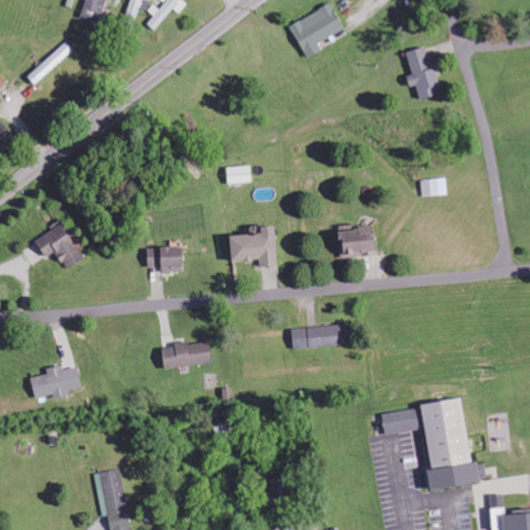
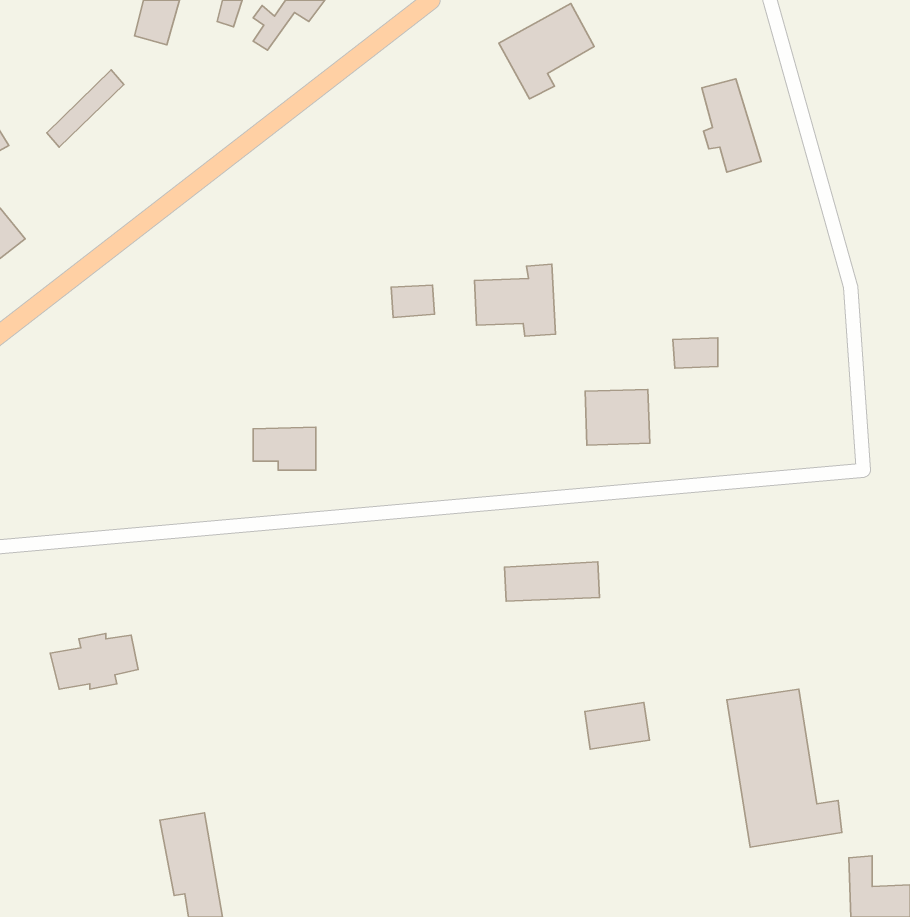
building: [419,178,445,196] -> [673,338,718,368]
building: [35,218,81,268] -> none
building: [230,225,276,266] -> [475,264,555,336]
building: [160,340,211,369] -> none
building: [381,408,418,435] -> [585,703,649,749]

